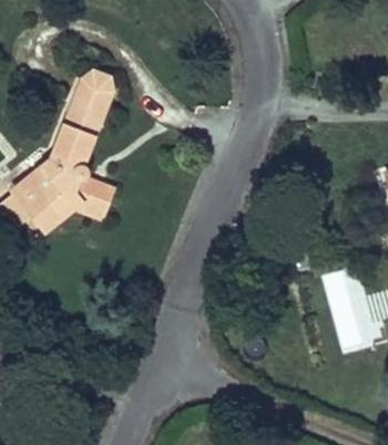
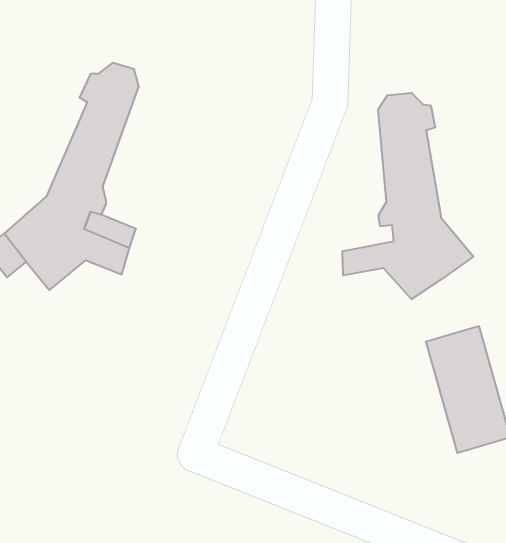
building: none -> [343,93,473,299]

